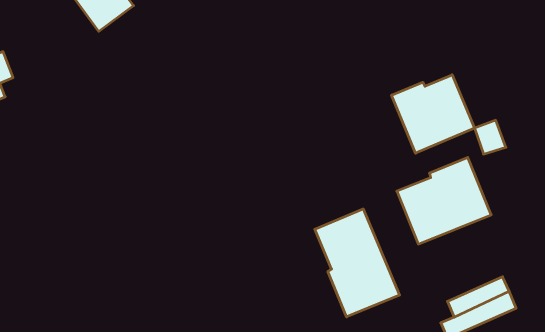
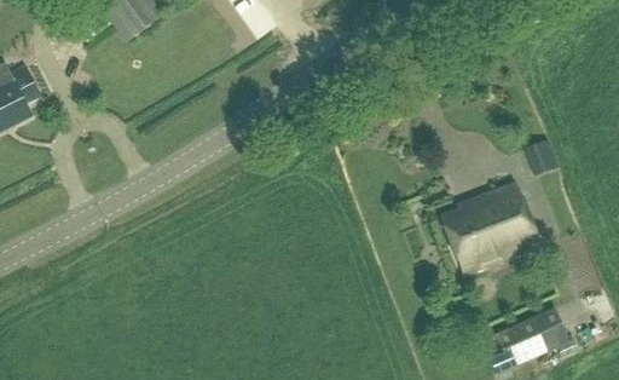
building: [392,75,474,153] -> none
building: [315,209,400,317] -> none

